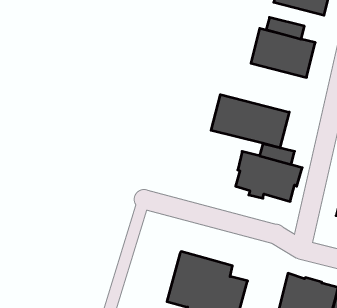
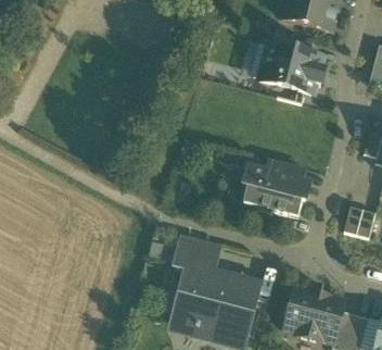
building: [211,95,289,148] -> none
building: none -> [175,237,219,272]

